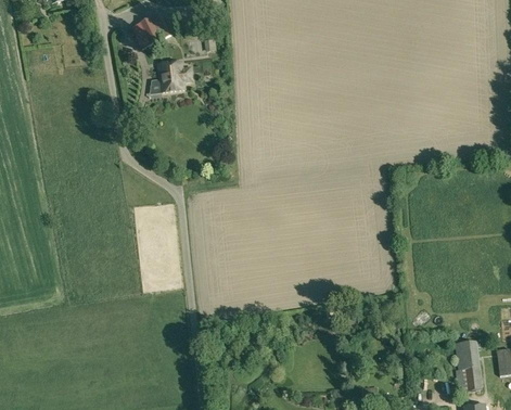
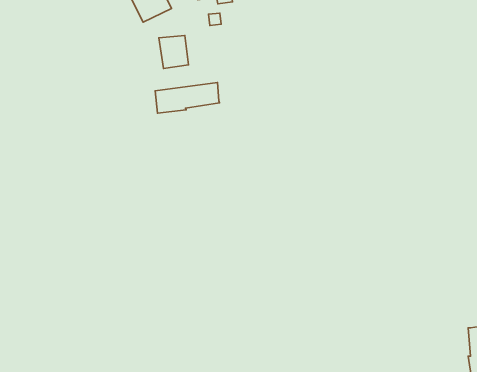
building: none -> [155,82,219,113]

